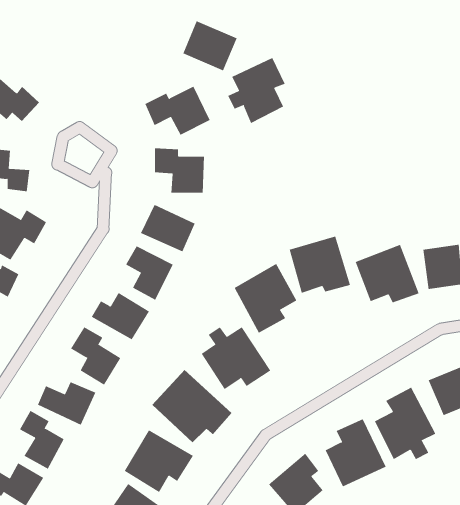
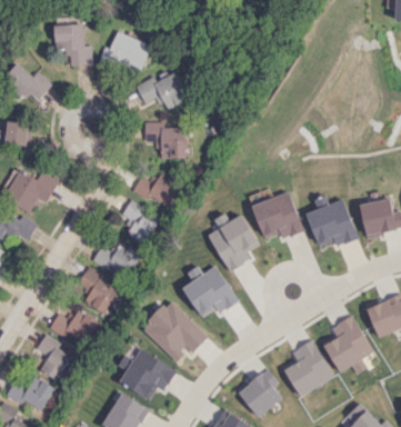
building: [182,20,237,71] -> [107,31,151,72]
building: none -> [54,24,93,66]
building: [227,57,285,124] -> none

